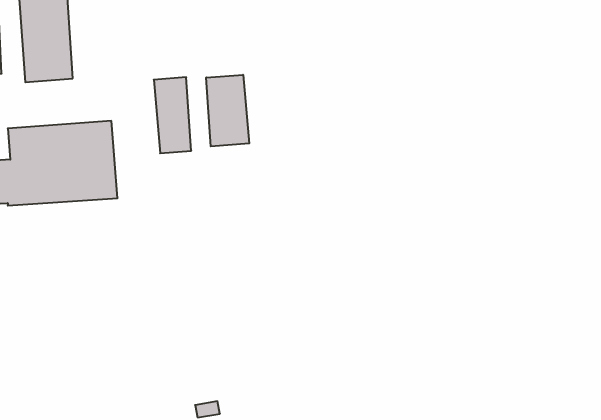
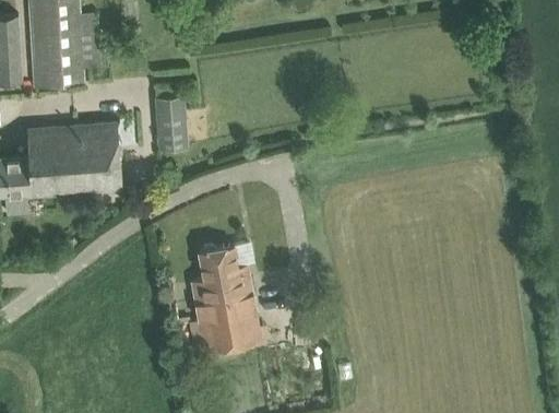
building: [206,75,249,146] -> none
building: none -> [190,244,260,351]

